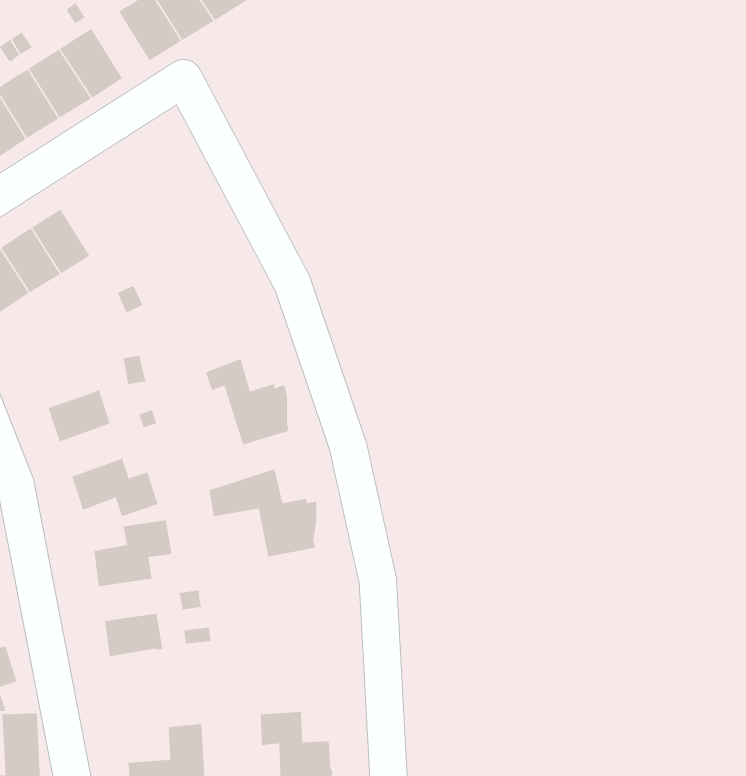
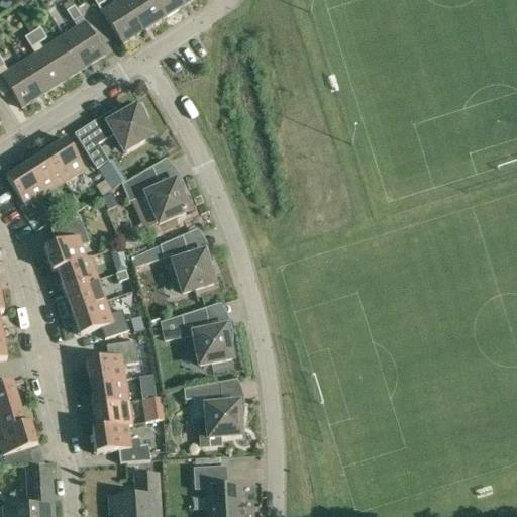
building: none -> [74,102,151,167]
building: none -> [122,165,188,221]
building: none -> [43,215,88,270]
building: none -> [64,277,105,311]
building: none -> [89,378,127,405]
building: none -> [183,381,243,444]
building: none -> [91,423,149,461]

